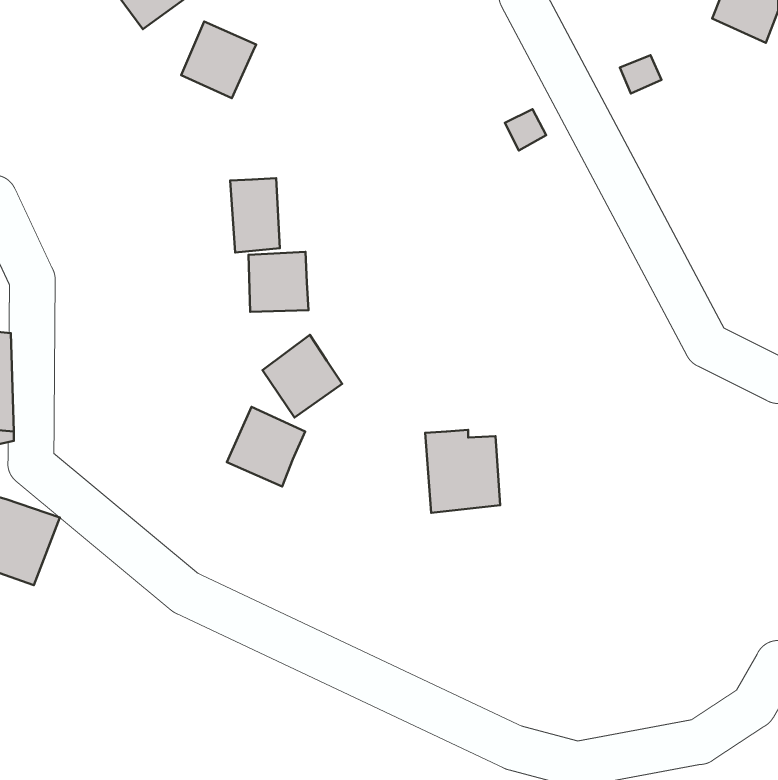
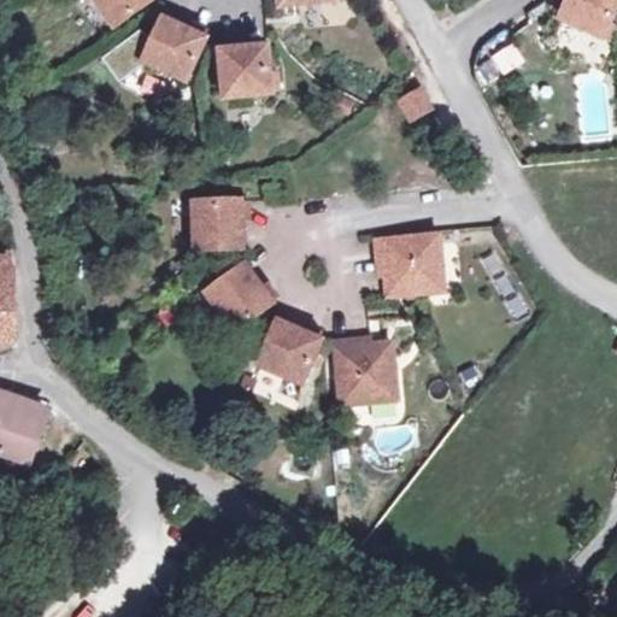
building: none -> [218,43,269,95]
building: [230,178,280,252] -> none
building: none -> [375,231,440,290]
building: [227,407,305,487] -> [257,318,318,381]

